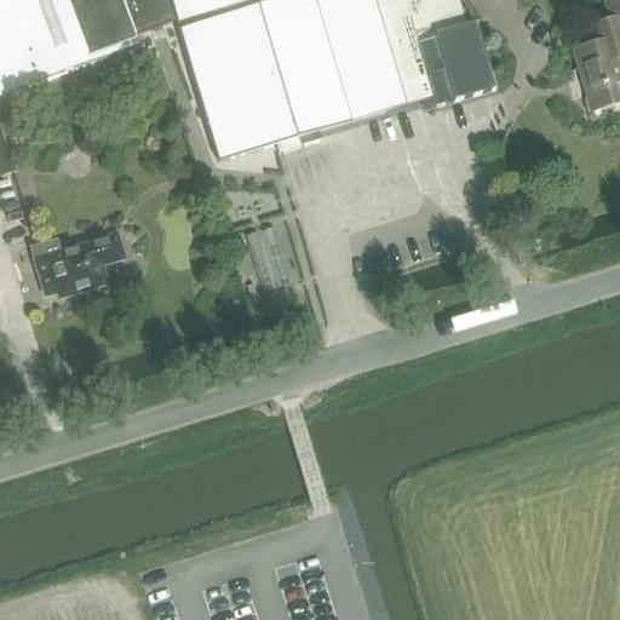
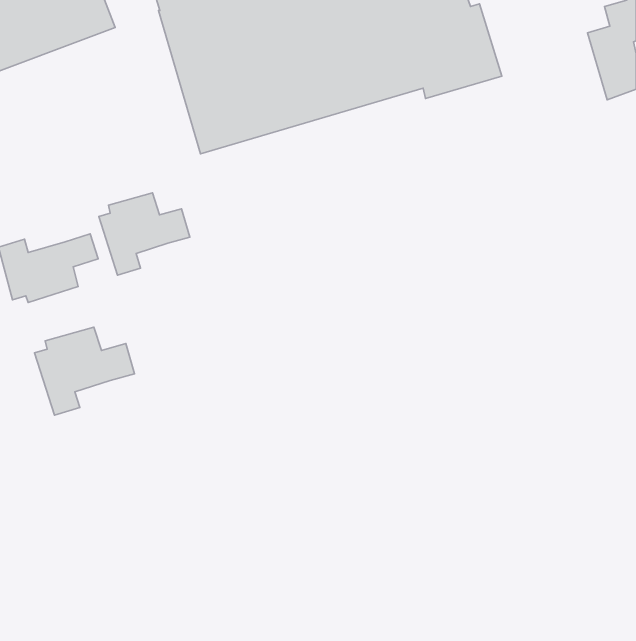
building: none -> [99,193,190,275]
building: none -> [34,327,134,415]

